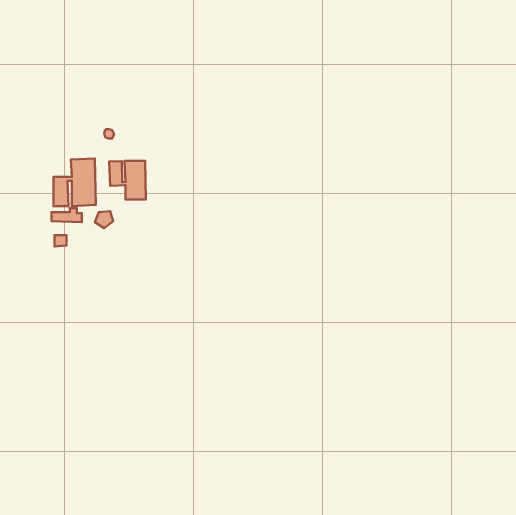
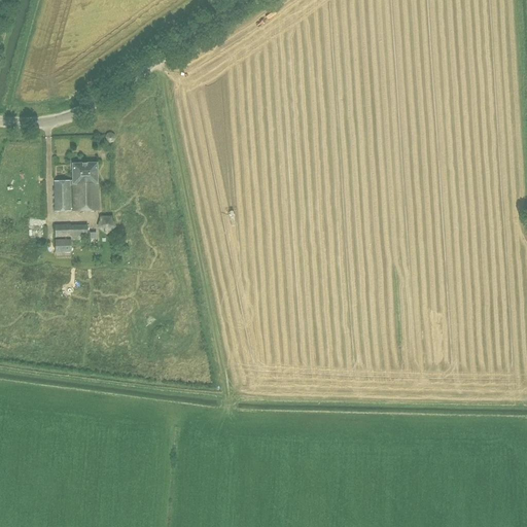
building: [109,161,146,200] -> none

